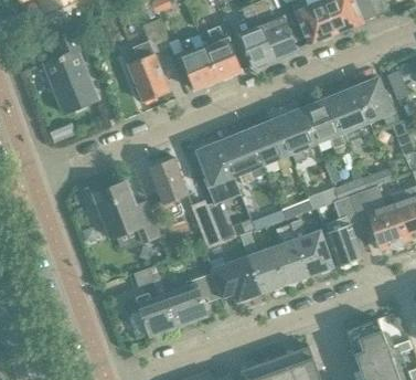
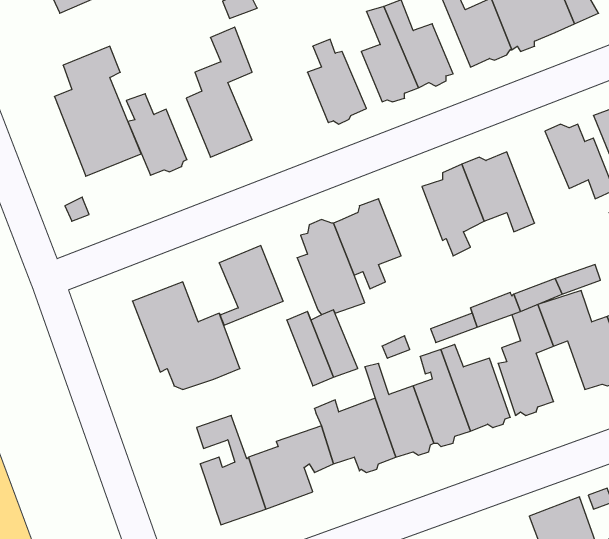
building: [179,38,217,89] -> [126,94,187,175]
building: [331,85,371,147] -> none
building: [249,120,291,177] -> none

